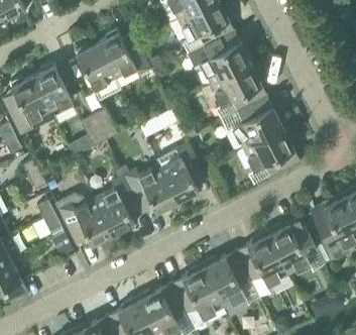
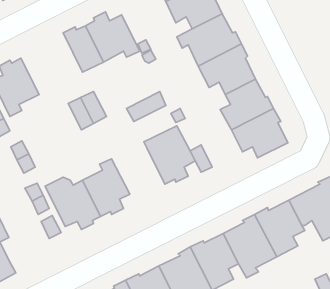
building: [31,64,71,113] -> none
building: [122,166,175,216] -> none

